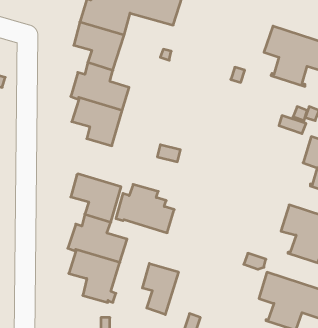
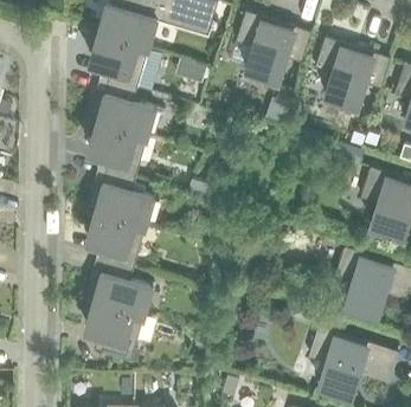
building: none -> [235,13,310,83]
building: [116,184,174,233] -> [85,170,154,227]
building: [142,263,178,315] -> none

